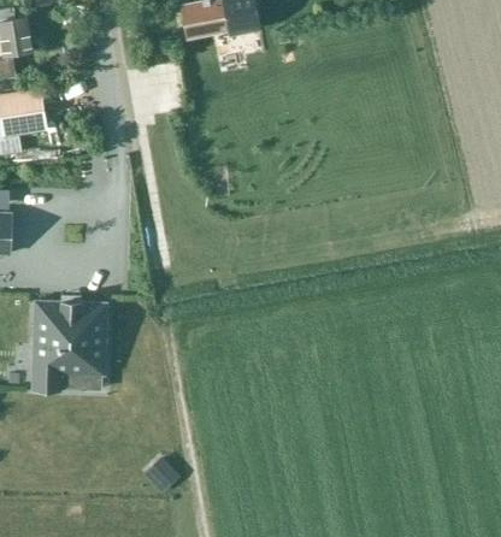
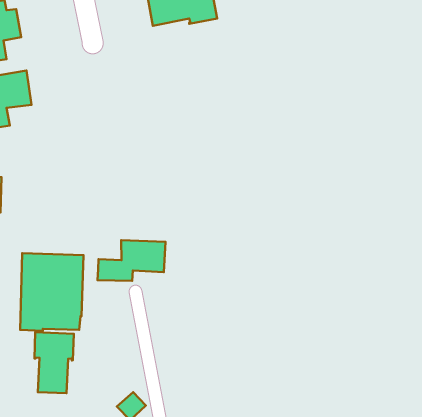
building: none -> [98,240,165,281]
building: none -> [34,332,74,393]

